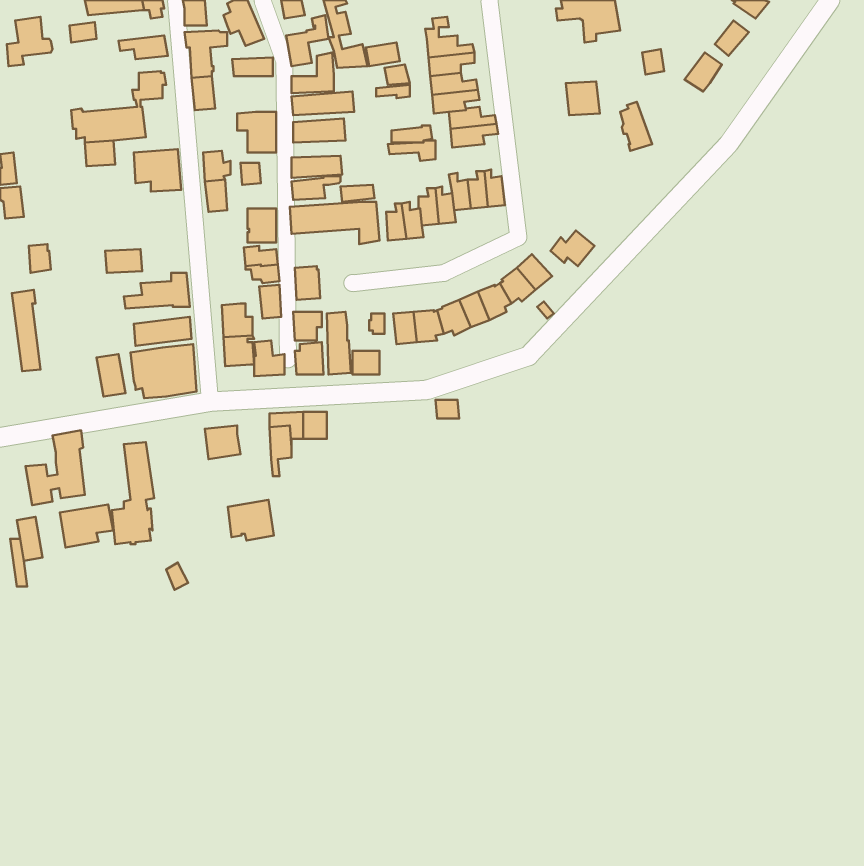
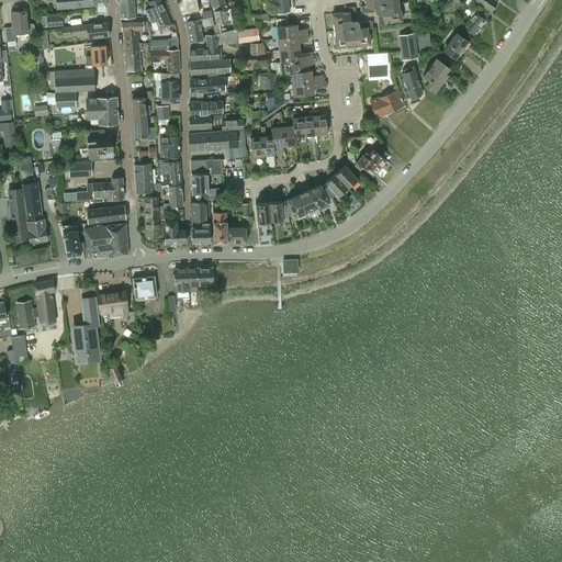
building: none -> [333,7,374,48]
building: none -> [400,32,419,59]
building: none -> [153,49,181,72]
building: none -> [424,59,450,92]
building: none -> [371,89,405,117]
building: none -> [88,135,113,158]
building: none -> [192,158,223,175]
building: none -> [134,164,153,192]
building: none -> [23,182,48,243]
building: [228,500,274,541] -> [99,290,128,316]
building: [60,504,113,548] -> none

